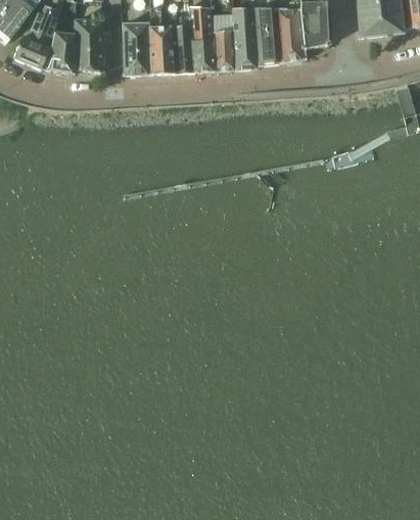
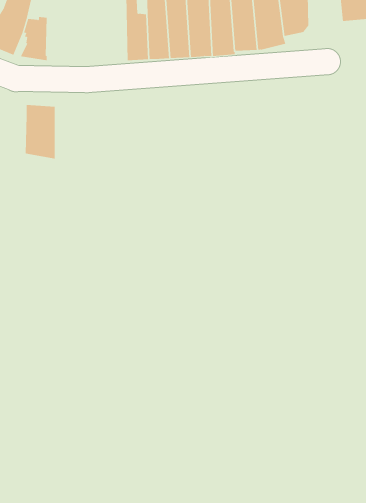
building: [76,18,105,72] -> [25,104,56,159]
building: [123,21,151,73] -> none

